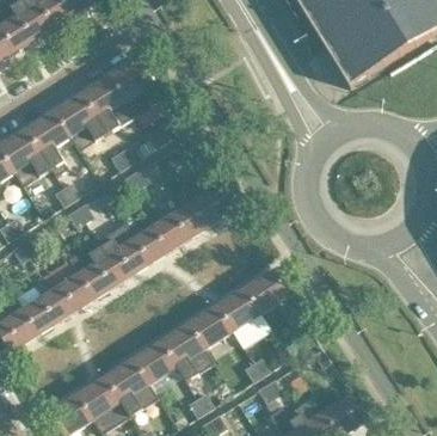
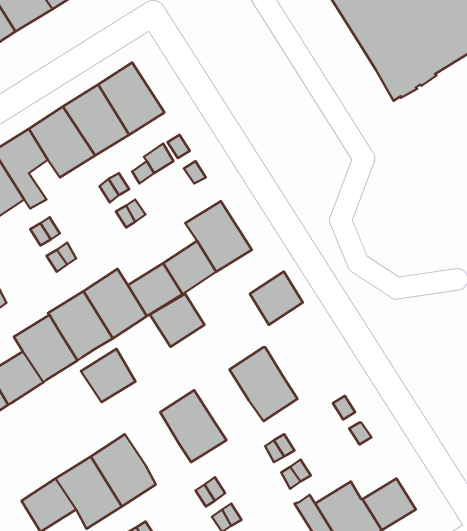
building: [245,269,288,312] -> [250,272,303,325]
building: [187,305,232,348] -> [150,294,204,347]
building: [131,339,176,382] -> [81,349,136,402]

